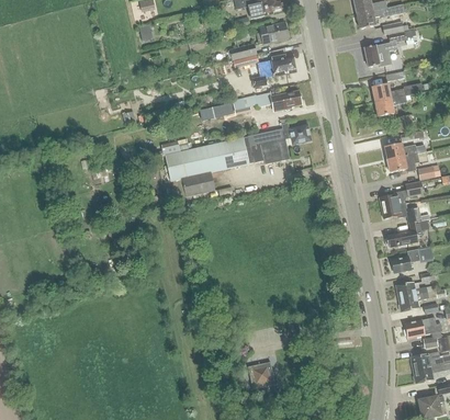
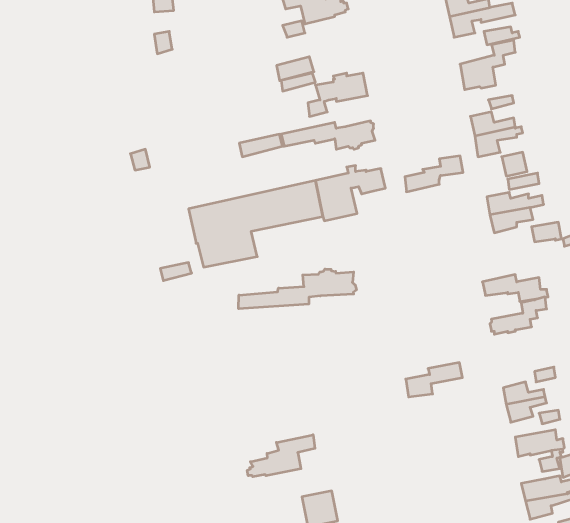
building: [256,22,289,44] -> none
building: [380,182,423,208] -> [405,156,463,192]
building: none -> [239,269,356,309]
building: [391,248,432,273] -> [406,363,462,397]
building: none -> [247,435,315,477]

